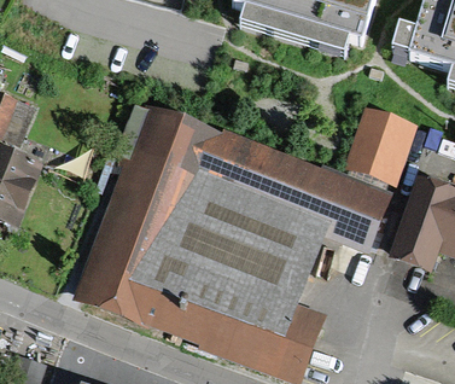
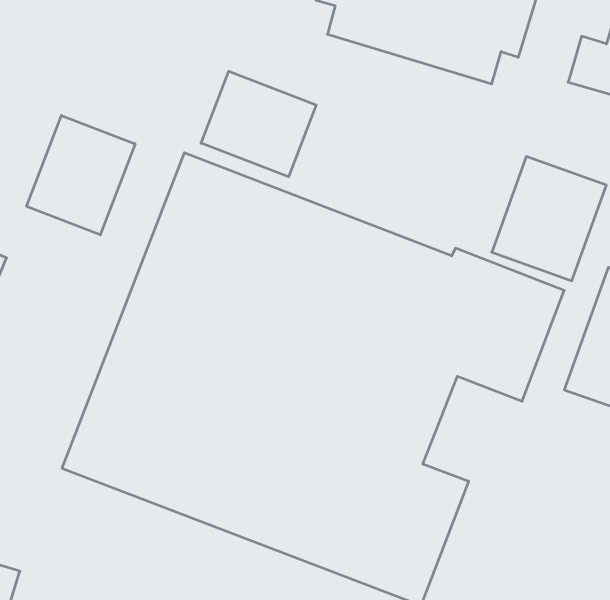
building: none -> [201,71,316,177]
building: none -> [27,115,135,235]

